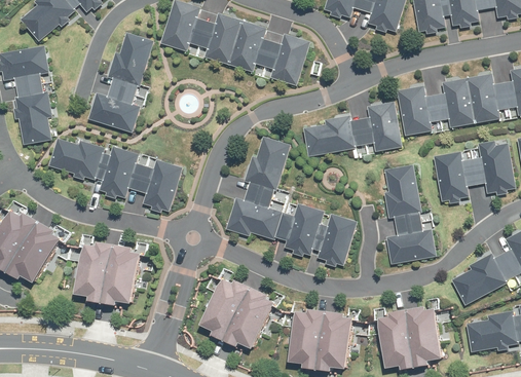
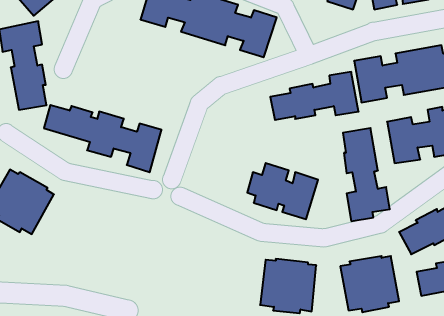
building: [88,32,153,131] -> none
building: [225,138,291,237] -> none
building: [78,244,142,305] -> none
building: [202,279,274,348] -> none

